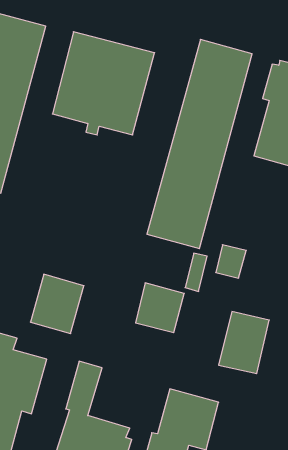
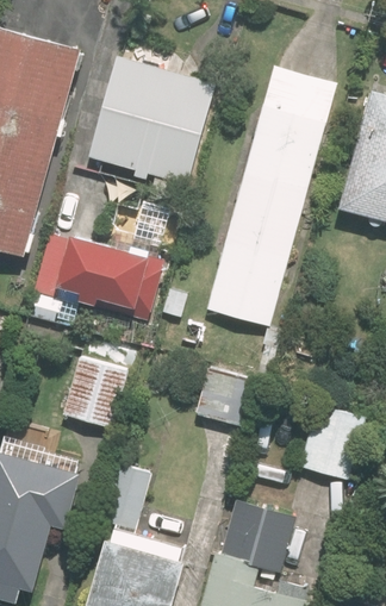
building: none -> [32,231,161,323]

